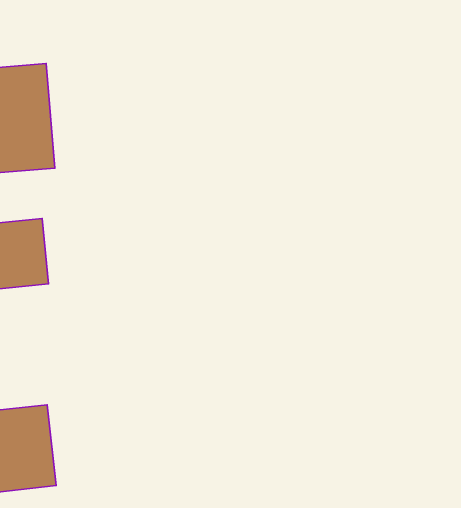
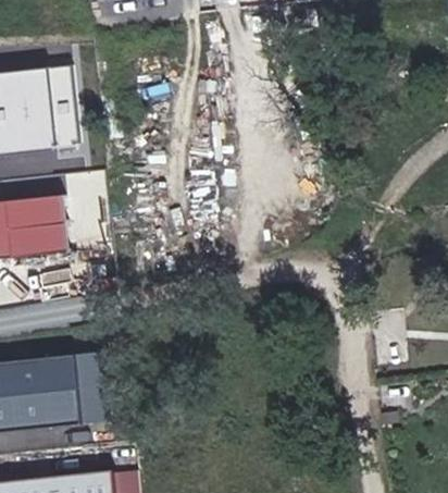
building: none -> [72,353,104,424]

